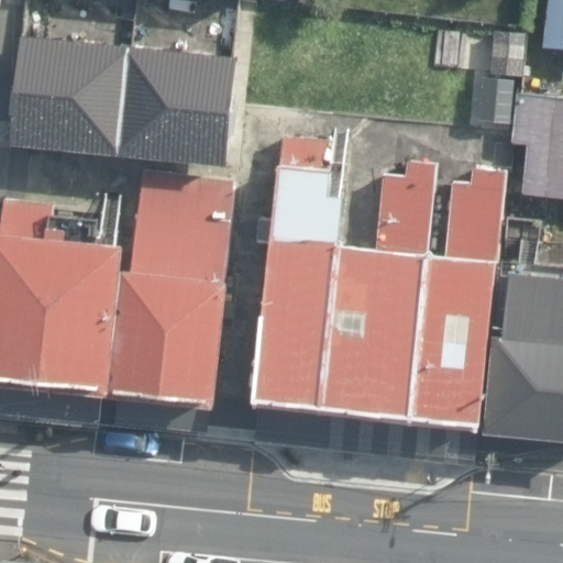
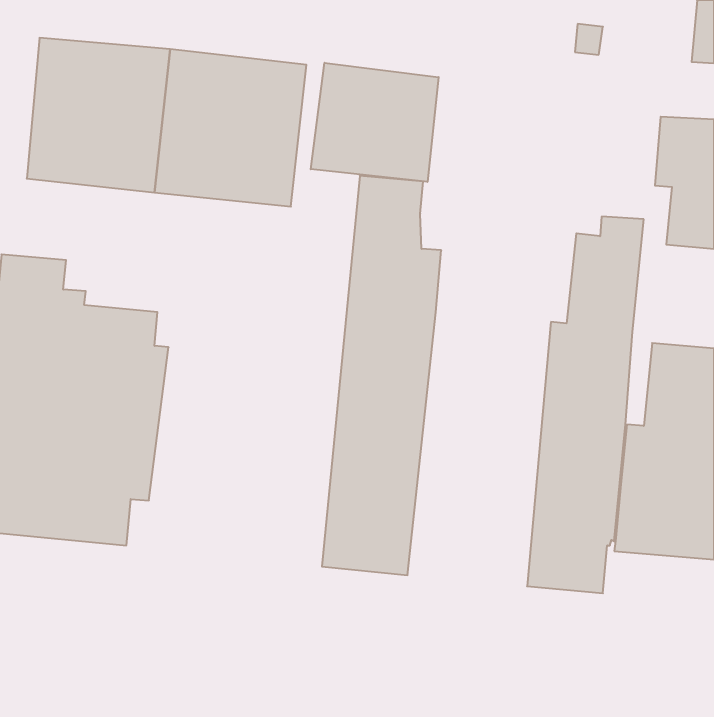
building: none -> [311,63,439,182]
building: [319,163,437,460] -> none
building: [113,173,232,433] -> none

